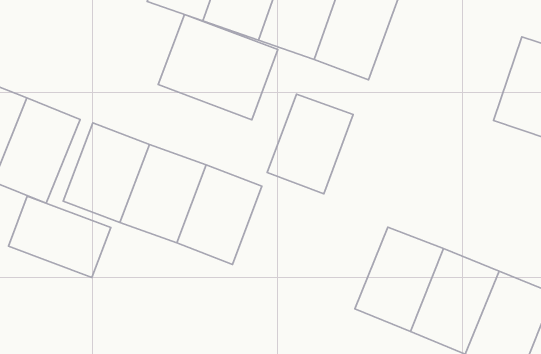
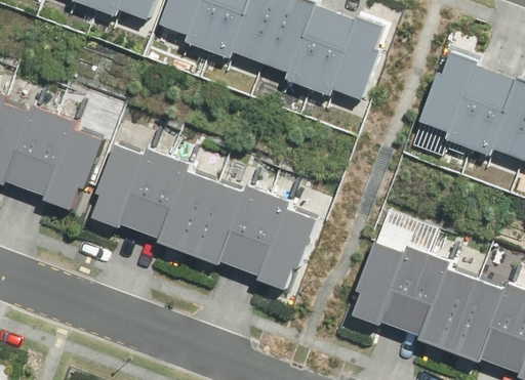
building: [158,14,278,120] -> none
building: none -> [421,45,497,138]
building: [267,94,353,194] -> [236,198,314,288]
building: [8,196,111,277] -> none

